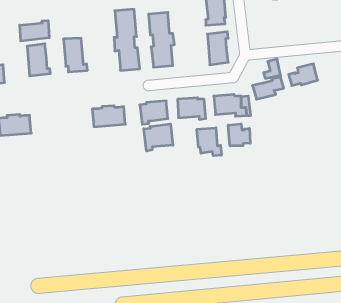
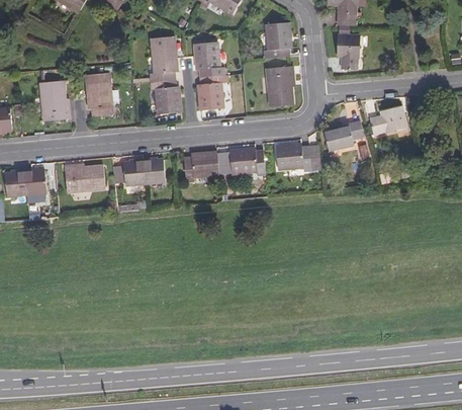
building: none -> [337,33,359,68]
building: [20,21,49,41] -> none
building: none -> [64,165,105,191]
building: [144,124,173,151] -> none
building: [228,124,250,146] -> none
building: [197,128,221,156] -> none

